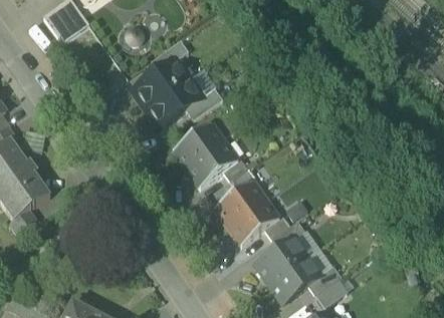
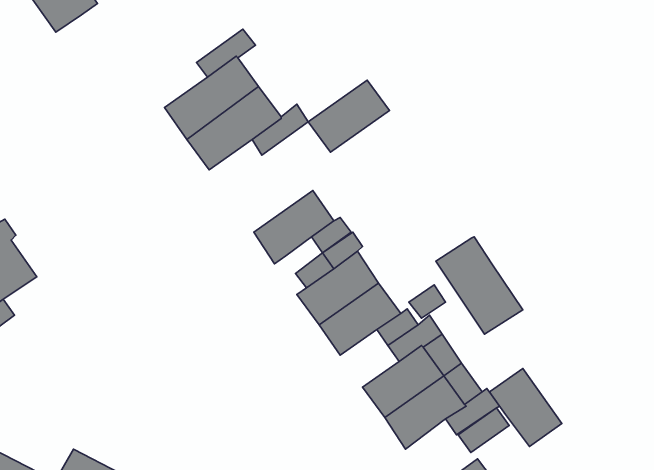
building: [173,121,224,167] -> [308,80,390,152]
building: none -> [436,237,523,334]
building: none -> [490,369,562,446]

